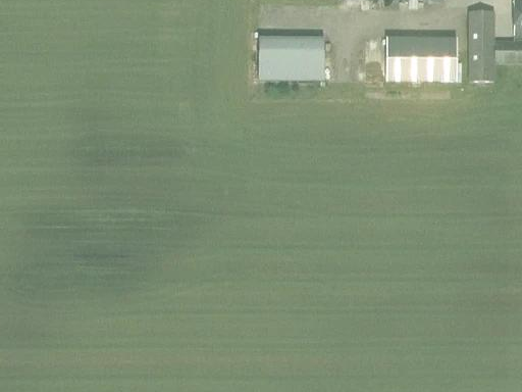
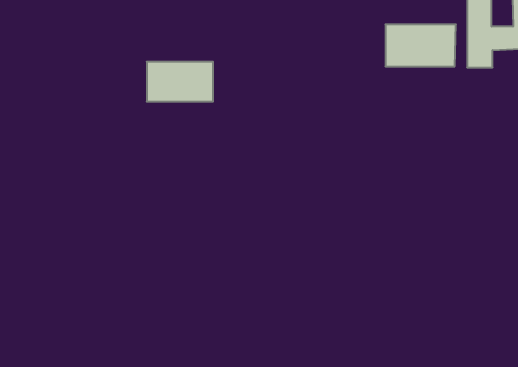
building: [259,38,325,78] -> [147,62,213,102]

